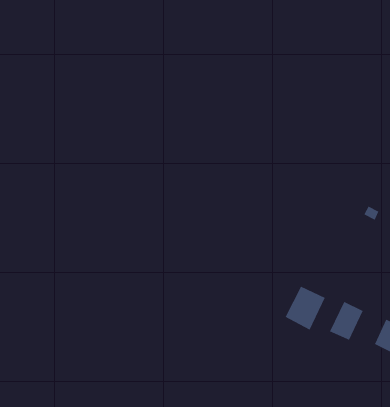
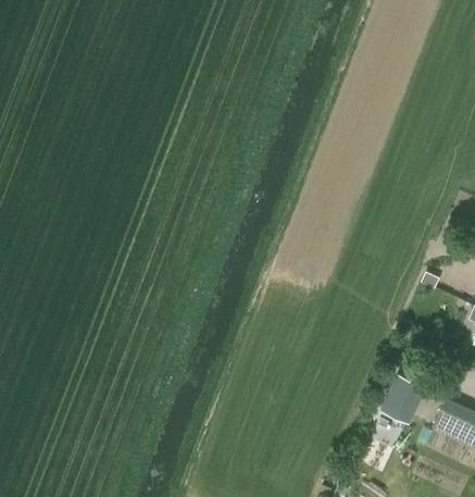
building: [285,286,326,330] -> none

